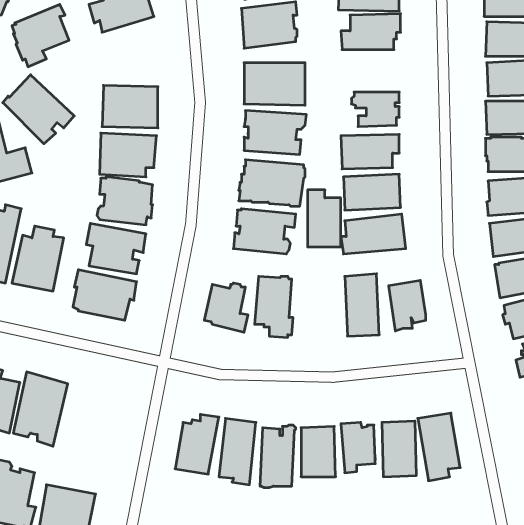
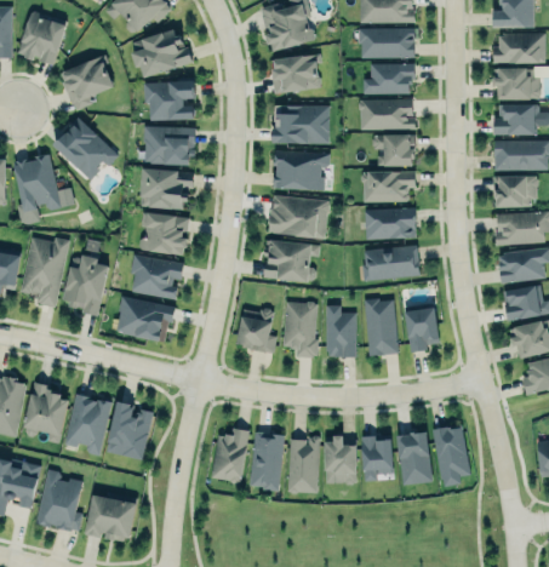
building: none -> [143,80,194,121]
building: none -> [358,98,414,128]
building: [308,190,341,247] -> [325,307,355,359]
building: none -> [105,400,153,459]

